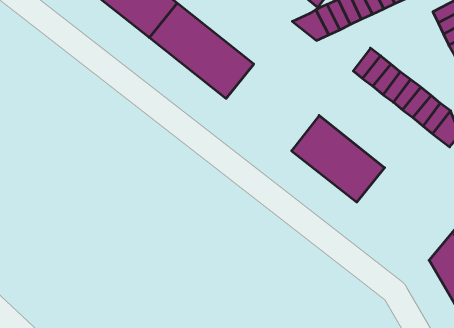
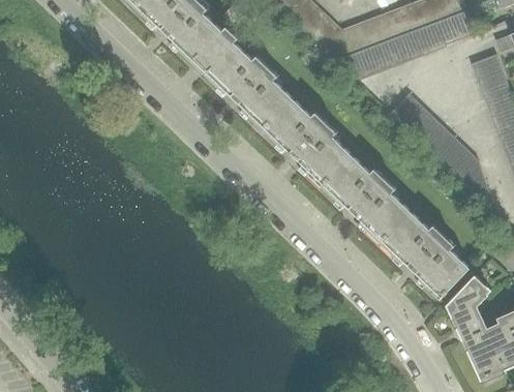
building: none -> [265,96,354,184]
building: none -> [383,209,471,296]

